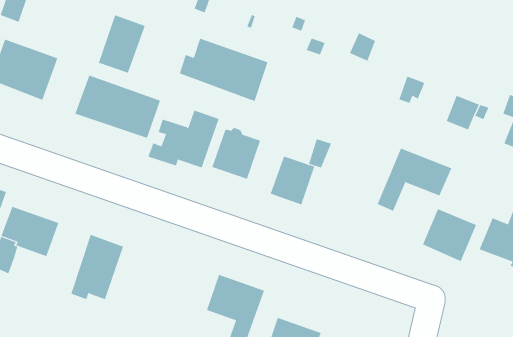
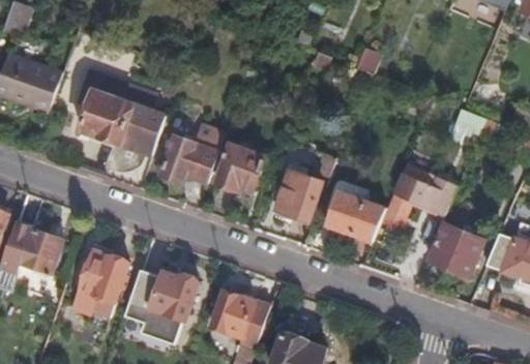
building: [98,14,145,74] -> none
building: [179,38,268,102] -> none
building: none -> [326,192,384,241]
building: none -> [123,268,198,342]

